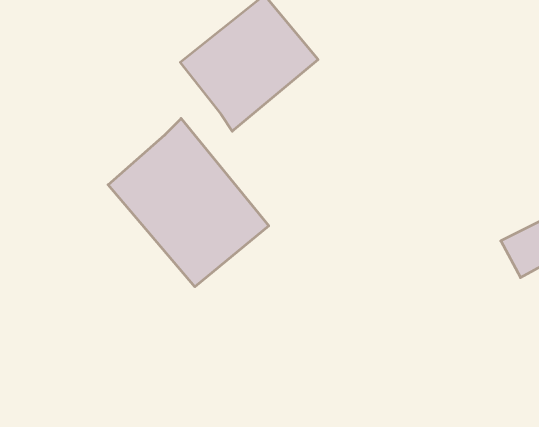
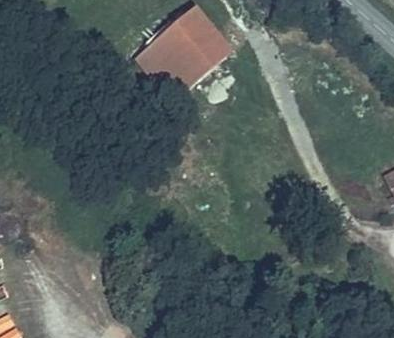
building: [108,118,269,287] -> none

